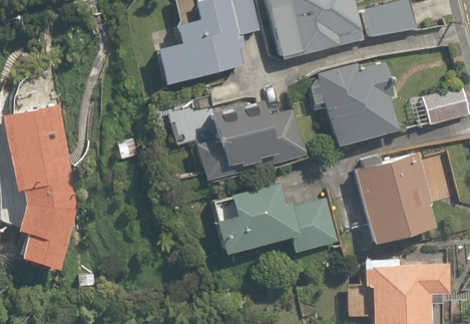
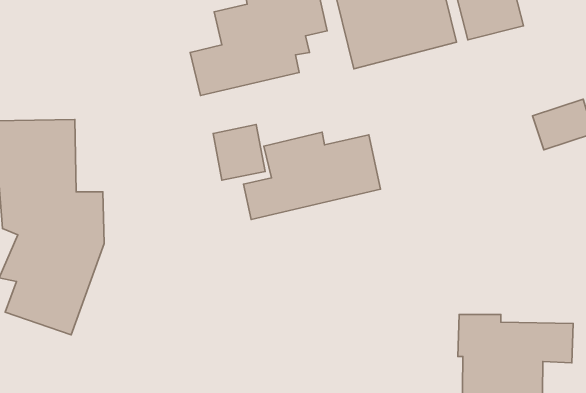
building: [317,58,398,148] -> none
building: [355,143,441,244] -> none
building: [209,186,339,255] -> none

